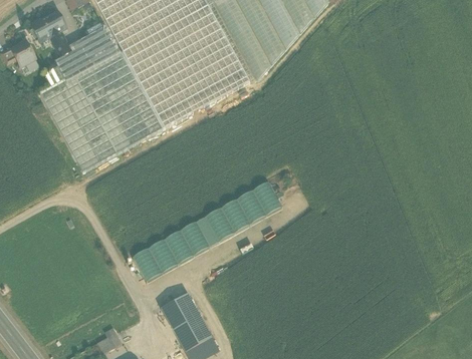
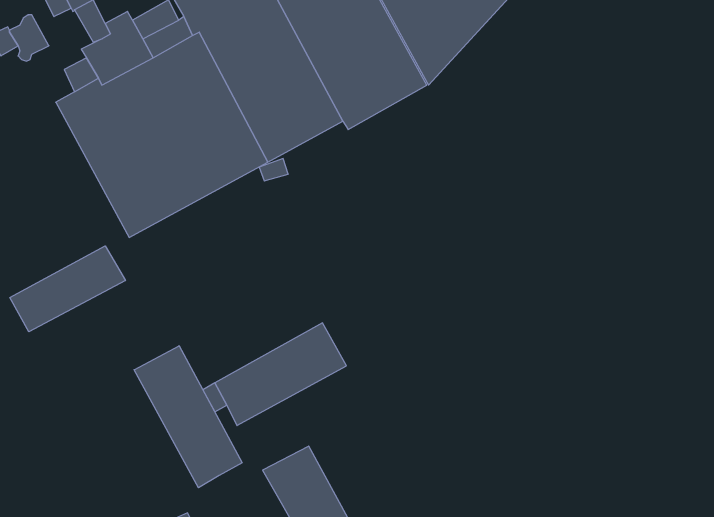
building: none -> [10,246,125,332]
building: [204,182,281,242] -> none
building: none -> [134,346,242,488]

